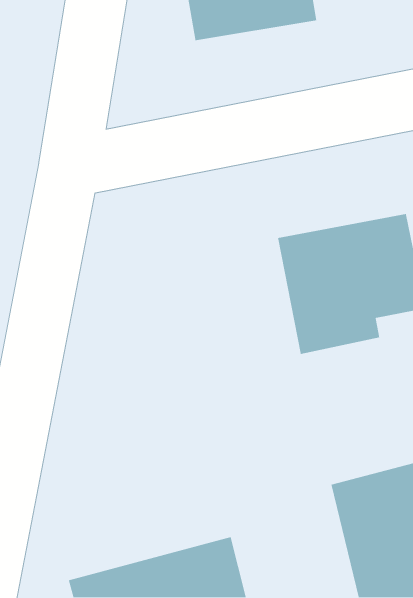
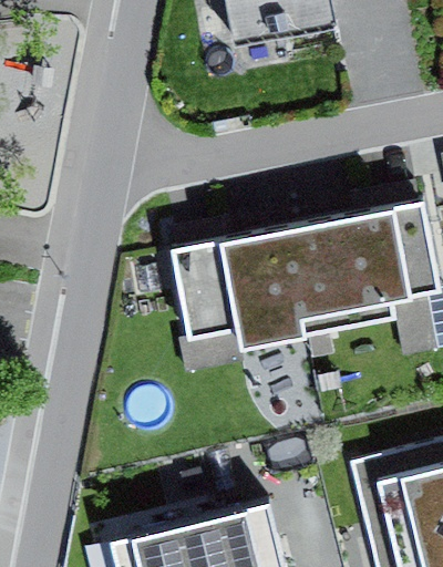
building: none -> [168,228,320,351]

